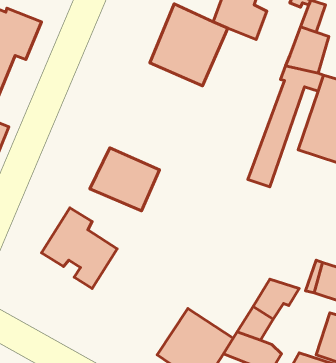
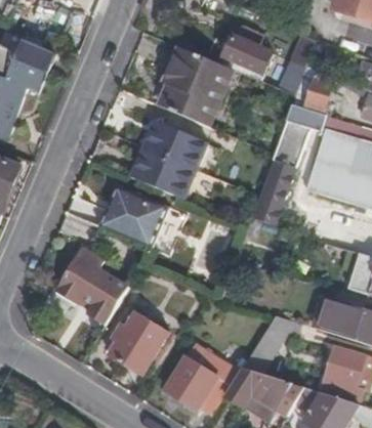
building: none -> [131,121,202,197]
building: none -> [107,309,168,376]

